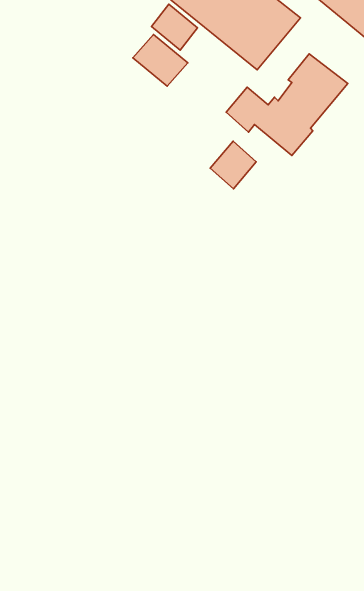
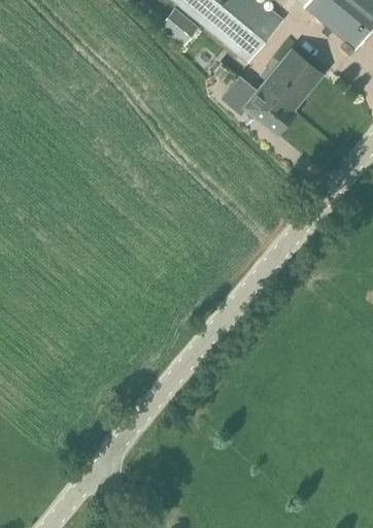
building: [133,34,188,86] -> none
building: [210,141,256,189] -> none

